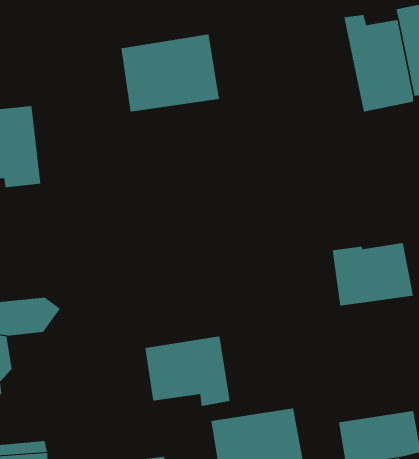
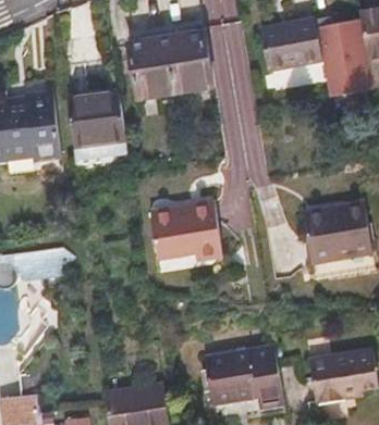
building: none -> [258,18,320,70]
building: none -> [66,91,129,165]
building: [145,336,231,406] -> [150,200,222,259]

